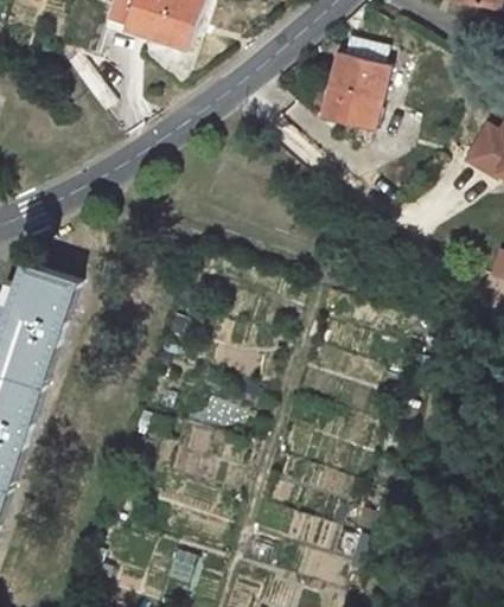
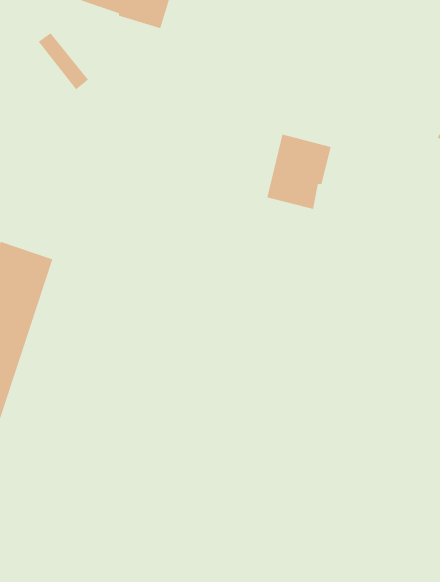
building: [323,52,388,128] -> [267,134,332,209]

